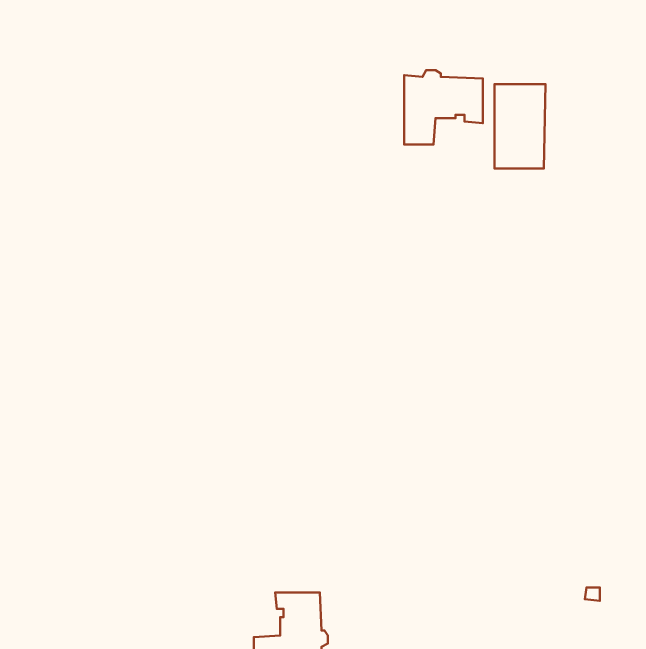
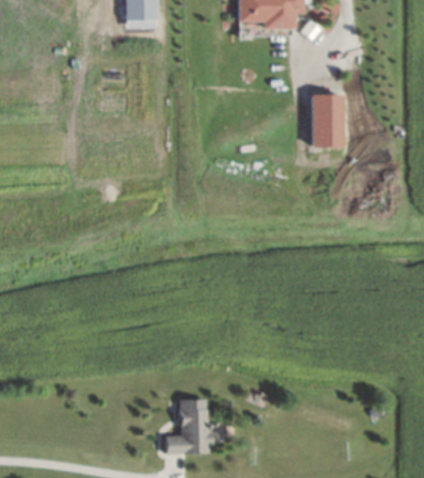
building: [404,70,483,144] -> none

